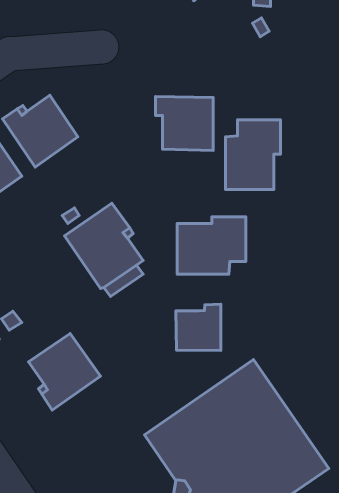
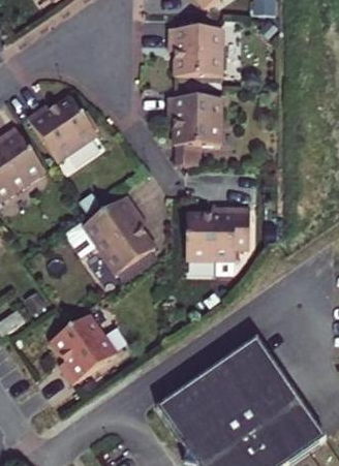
building: none -> [167,28,221,76]
building: [226,120,280,189] -> none
building: [176,304,221,350] -> none

